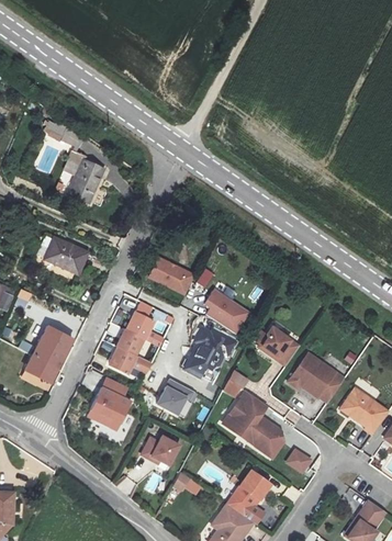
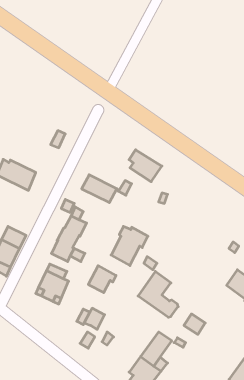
building: [61,159,102,207] -> none
building: [209,294,253,337] -> [129,150,162,182]
building: [260,325,301,363] -> none
building: [292,350,346,396] -> none

